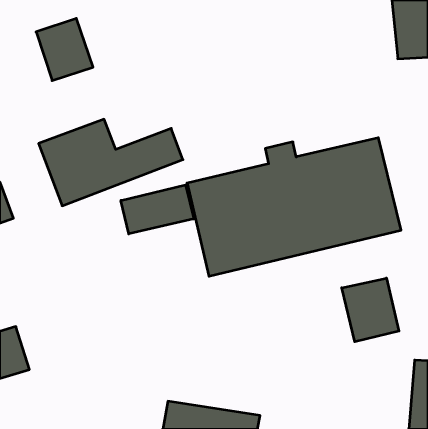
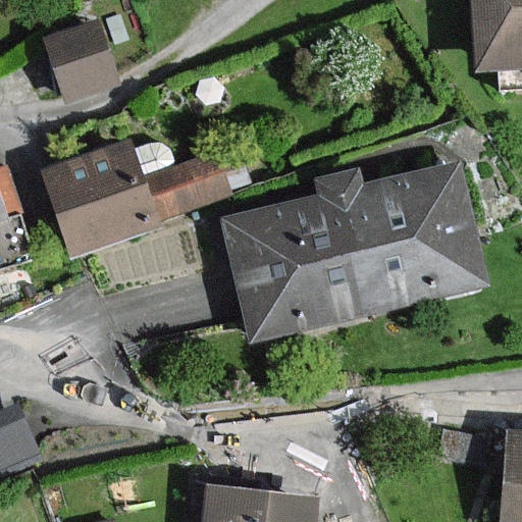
building: [121,185,194,234] -> none
building: [342,278,399,342] -> none

